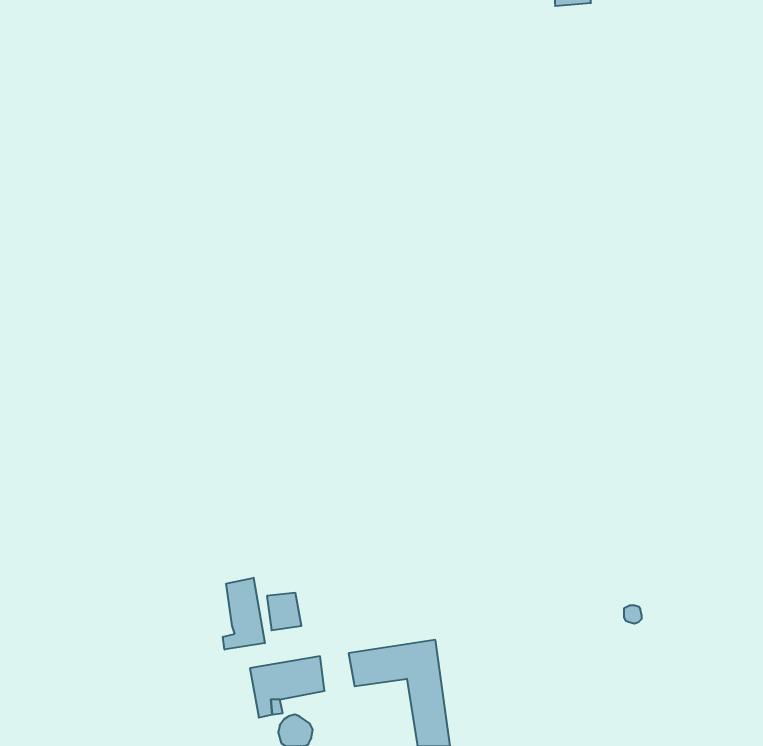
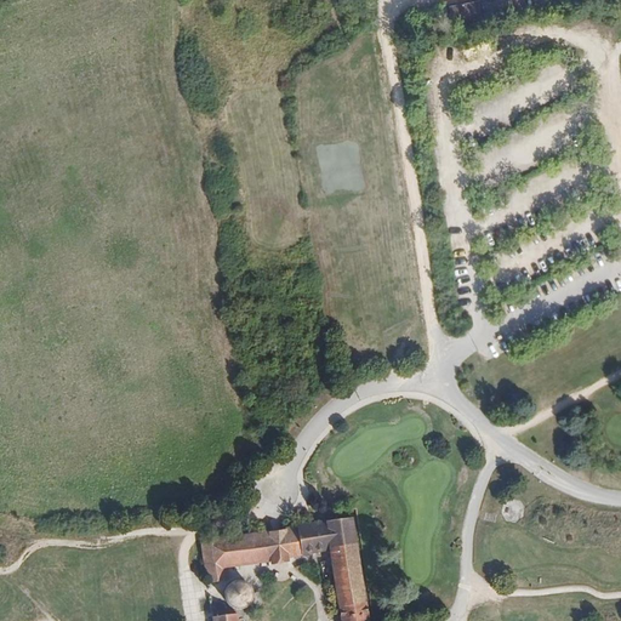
building: [223,578,265,650] -> none
building: [267,593,301,630] -> [260,530,287,560]

